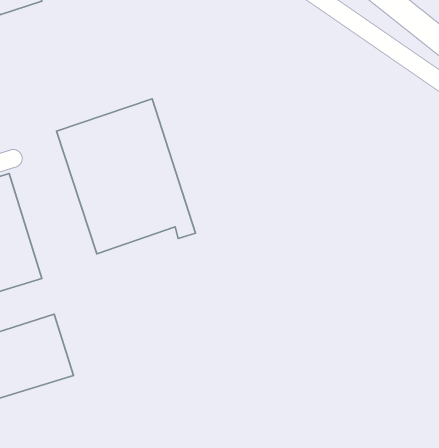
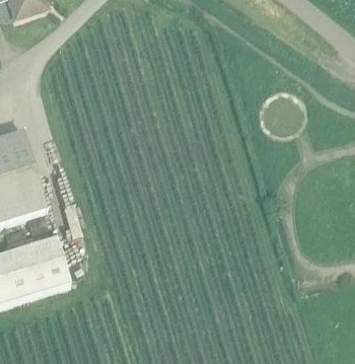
building: [56,99,196,254] -> none

